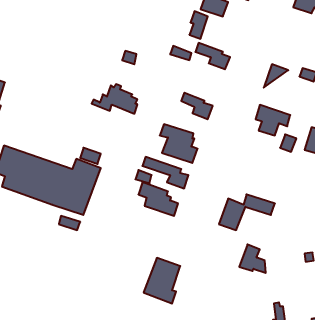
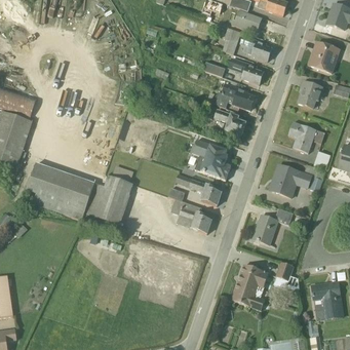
building: none -> [240,35,272,61]
building: none -> [309,42,340,72]
building: [92,84,137,114] -> [207,81,254,111]
building: none -> [271,165,314,198]
building: [144,258,180,304] -> [232,265,269,311]
building: none -> [312,282,343,321]

